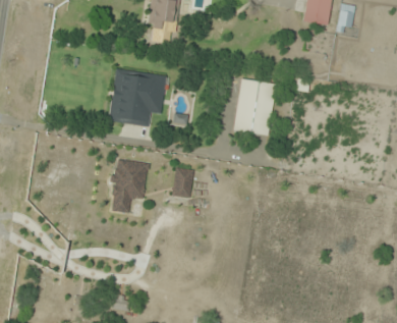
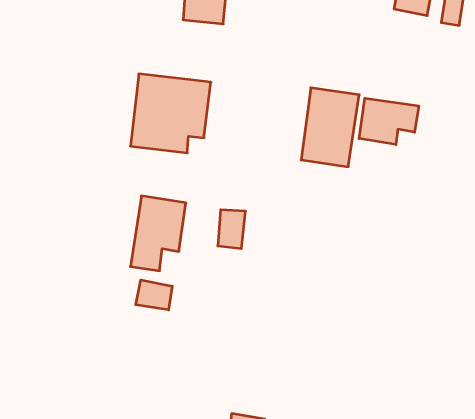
building: none -> [359,98,419,145]
building: none -> [136,280,172,310]

